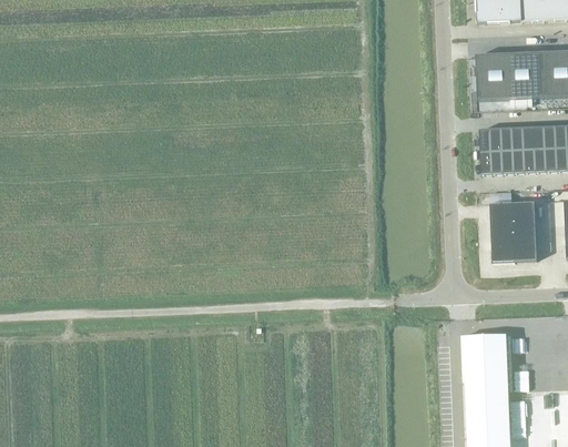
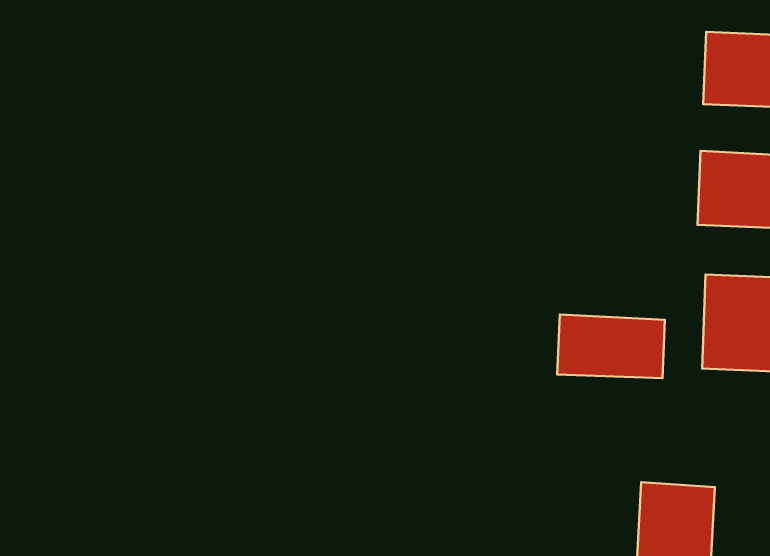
building: none -> [557,315,665,378]

